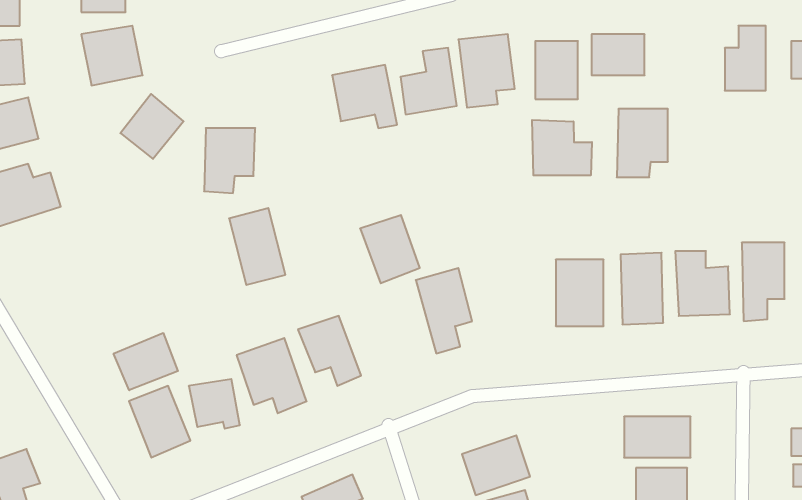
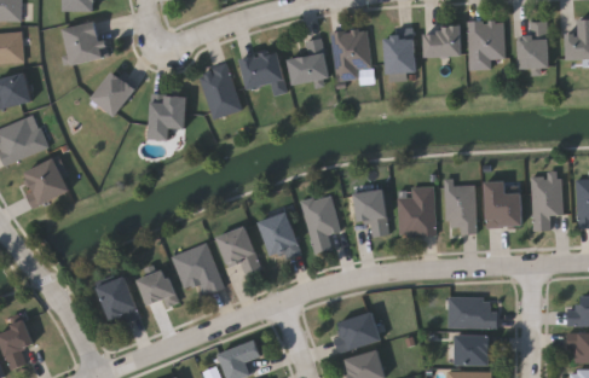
building: [617,109,668,177] -> [467,21,503,69]
building: [532,120,592,175] -> none
building: [229,208,285,285] -> [200,63,239,117]
building: [360,215,420,283] -> [258,213,300,261]
building: none -> [24,157,70,208]
building: none -> [354,190,389,235]
building: [114,333,178,390] -> none

